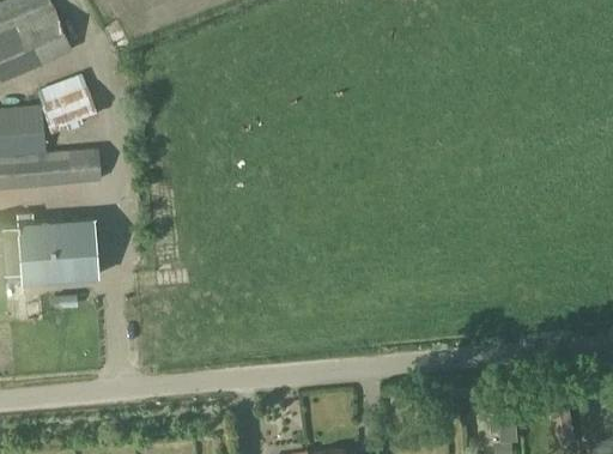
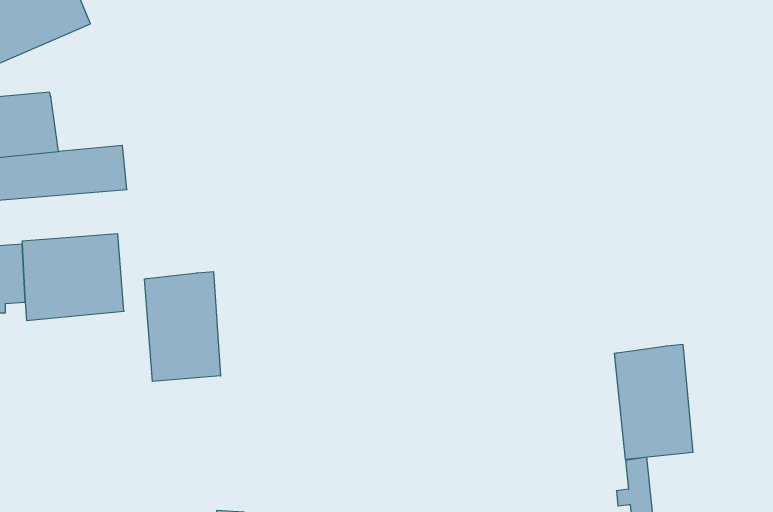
building: [34,73,97,134] -> none
building: none -> [144,272,221,381]
building: none -> [614,344,693,460]

